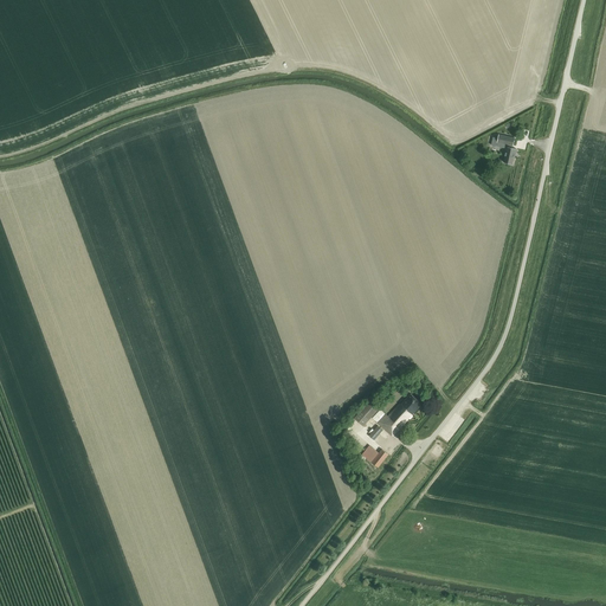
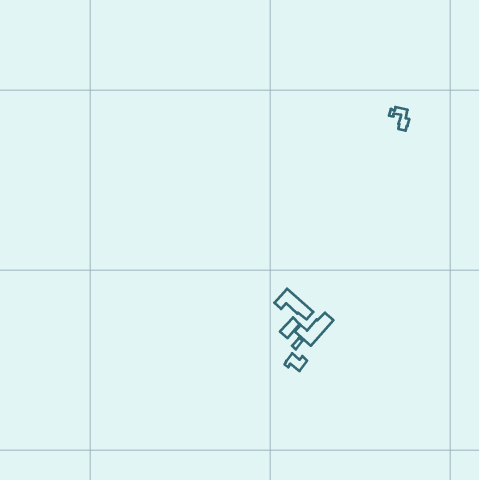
building: none -> [274,289,313,319]

